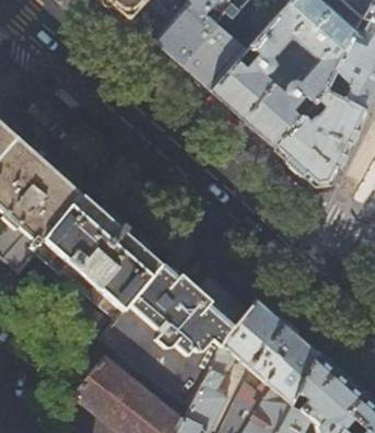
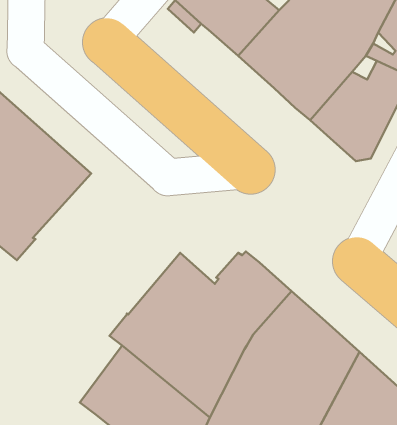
building: [31,195,161,319] -> none

